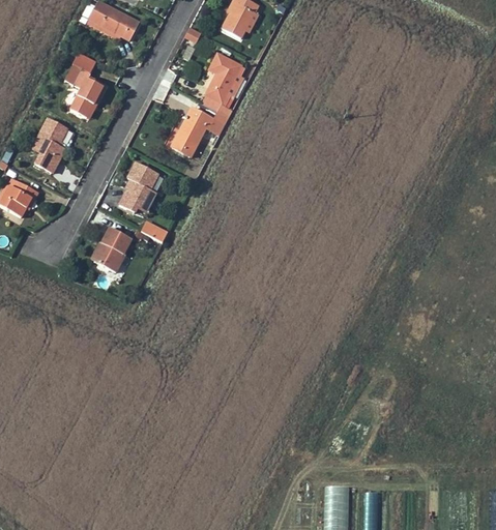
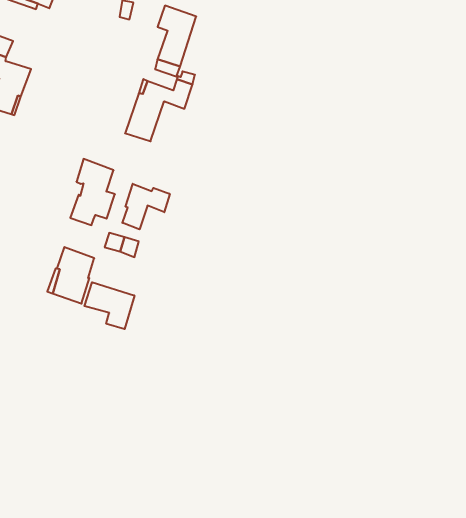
building: none -> [122,184,170,229]
building: none -> [84,282,134,329]

